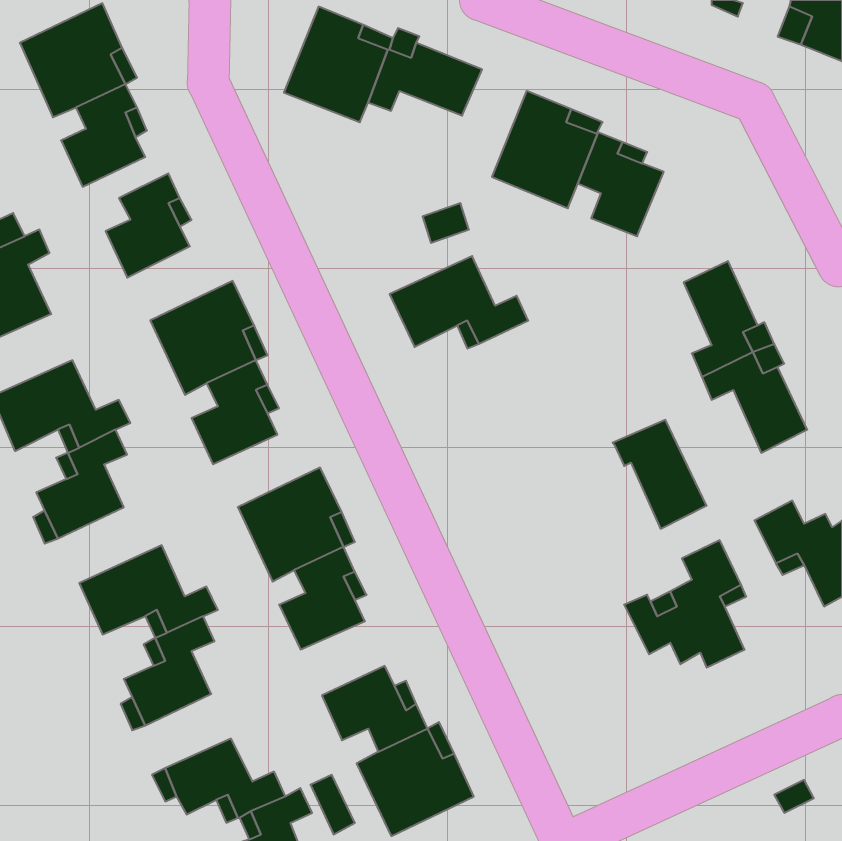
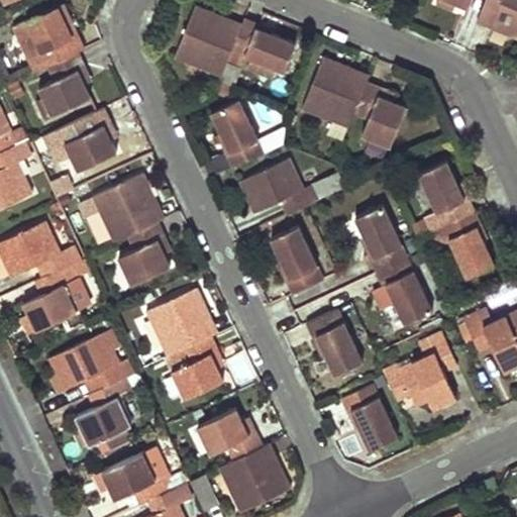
building: none -> [210,100,263,168]
building: none -> [353,205,407,273]
building: none -> [270,226,322,295]
building: none -> [305,309,361,377]
building: none -> [340,385,397,451]

